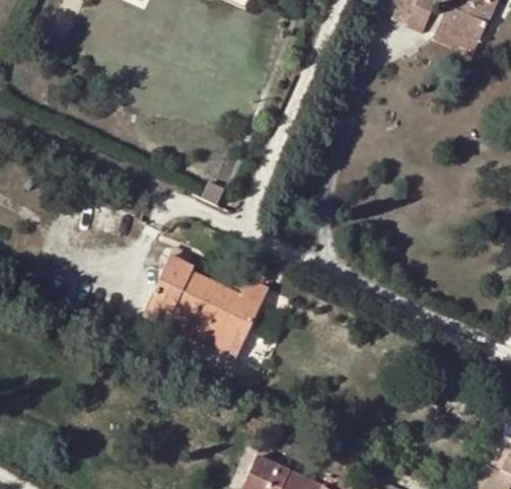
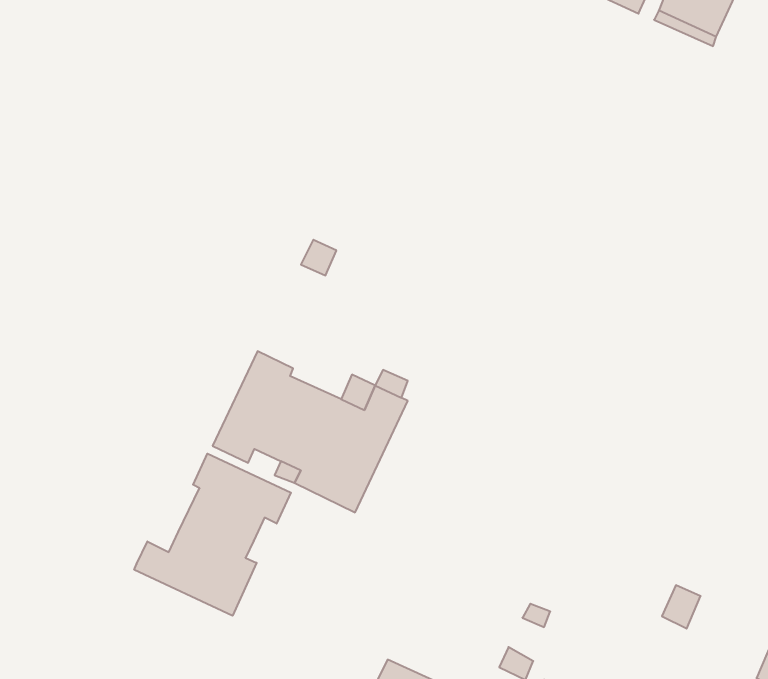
building: none -> [134,454,291,616]

